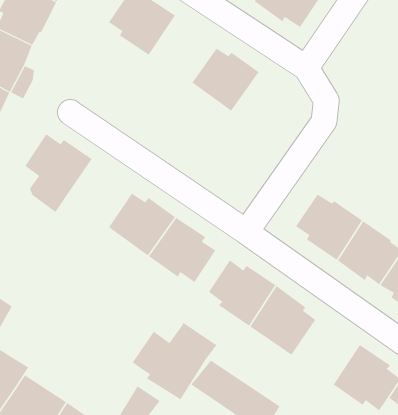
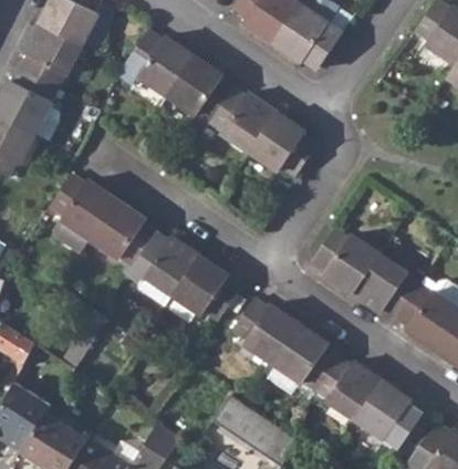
building: none -> [170,55,237,122]
building: none -> [252,112,321,176]
building: none -> [86,198,153,265]
building: none -> [312,357,379,421]
building: [132,322,217,400] -> none

